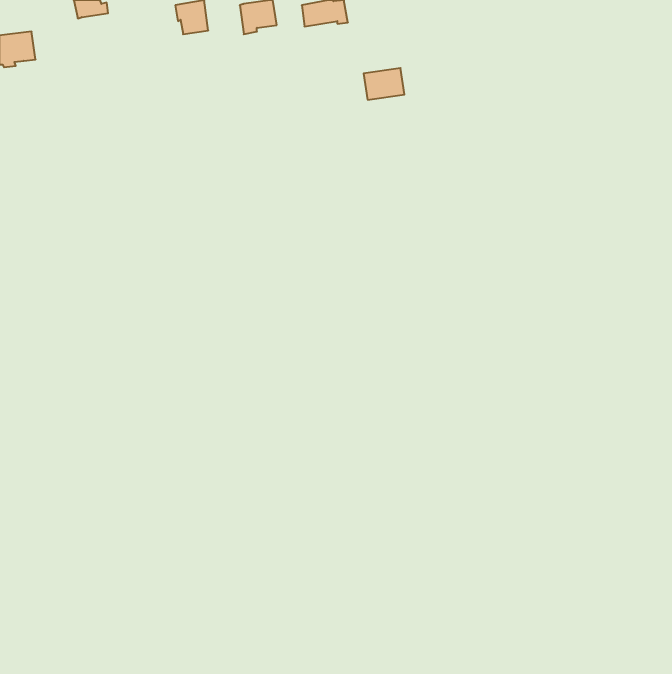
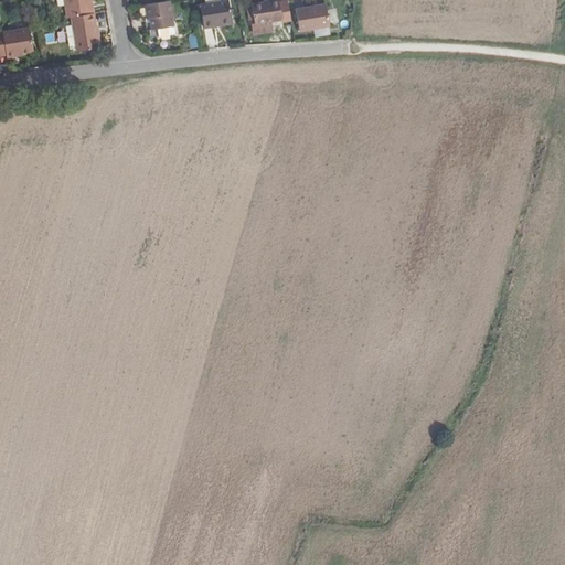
building: none -> [68,11,96,49]
building: [364,68,404,100] -> [296,4,330,31]

